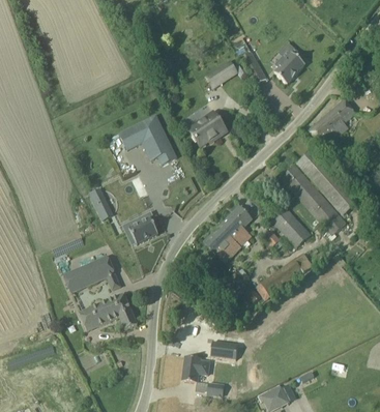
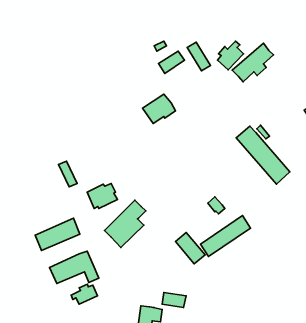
building: [308,98,355,143] -> [232,43,273,82]
building: [118,113,177,165] -> none
building: [281,164,346,235] -> none
building: [204,205,252,260] -> [105,200,146,248]
building: [270,208,310,247] -> none
building: none -> [71,284,98,304]

